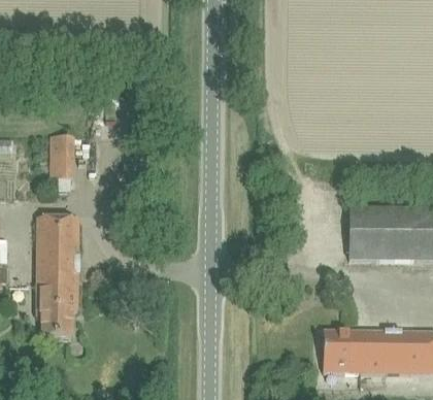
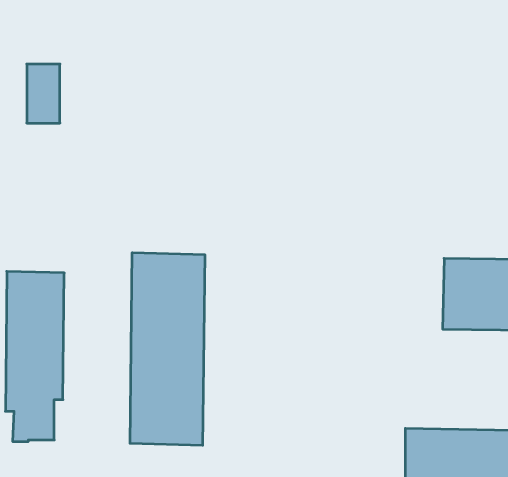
building: [49,136,73,178] -> [27,64,60,123]
building: none -> [130,253,205,445]

